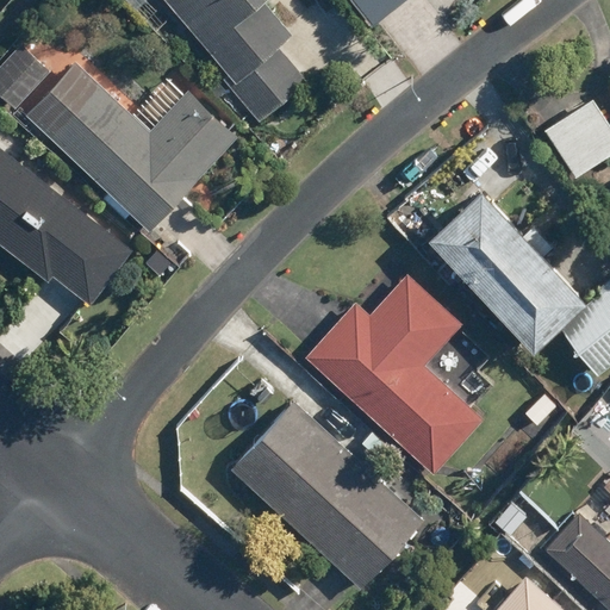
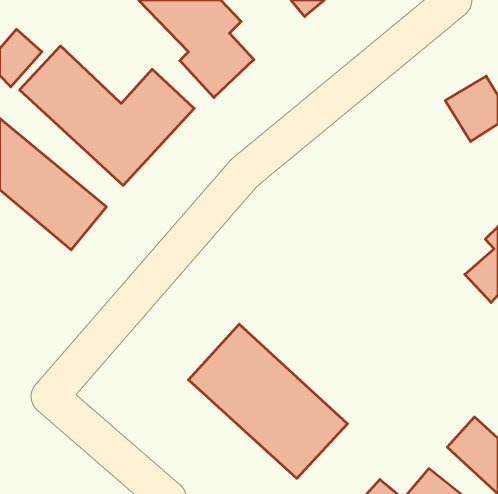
building: [428,187,587,349] -> none
building: [305,275,485,478] -> none

